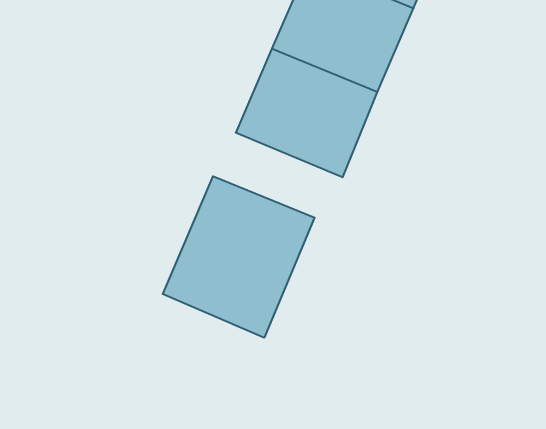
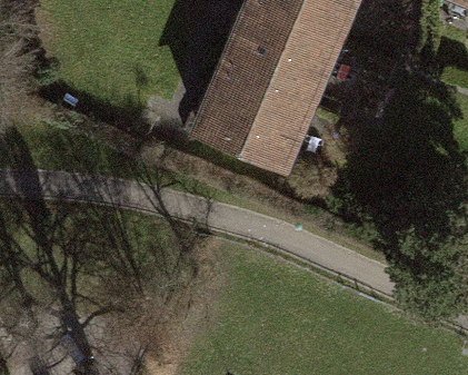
building: [163,176,315,338] -> none

